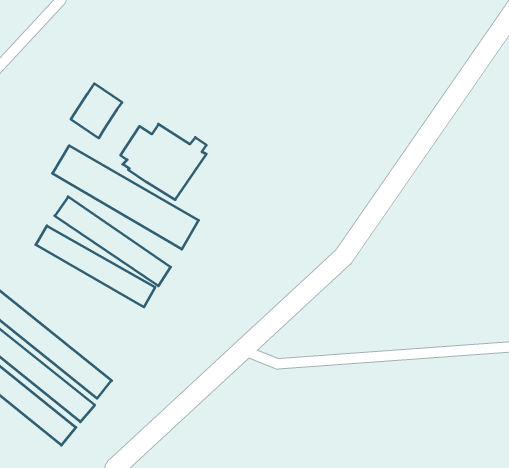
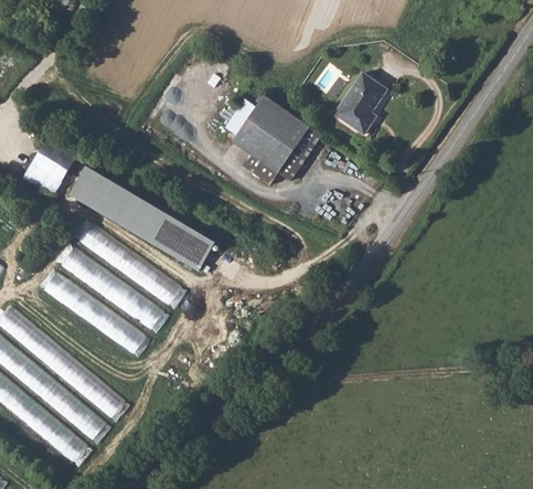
building: none -> [333,71,387,135]
building: [71,84,122,138] -> [25,140,76,194]
building: [121,124,206,200] -> [224,96,309,171]
building: none -> [36,268,152,355]

